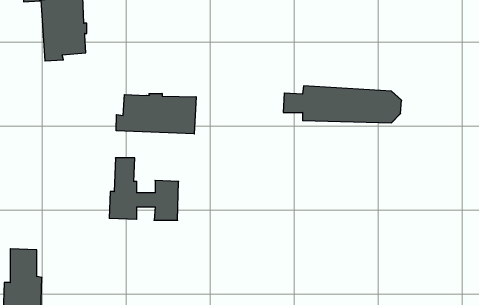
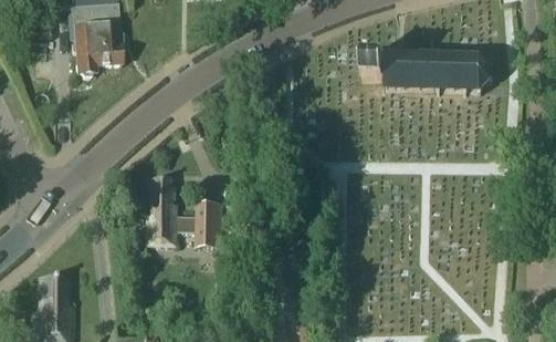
building: [283,86,402,123] -> [361,49,490,89]
building: [116,93,196,134] -> none

